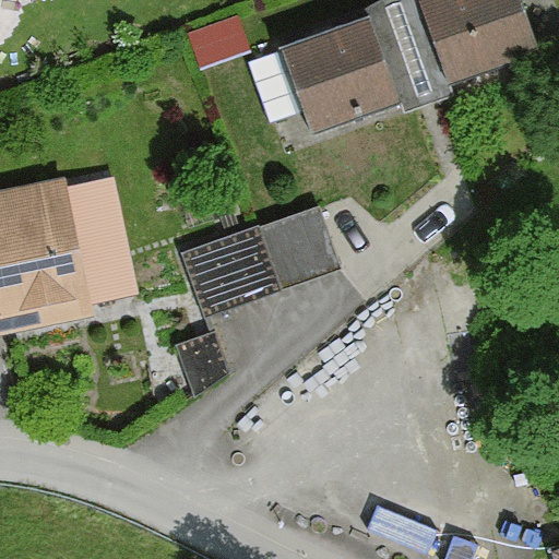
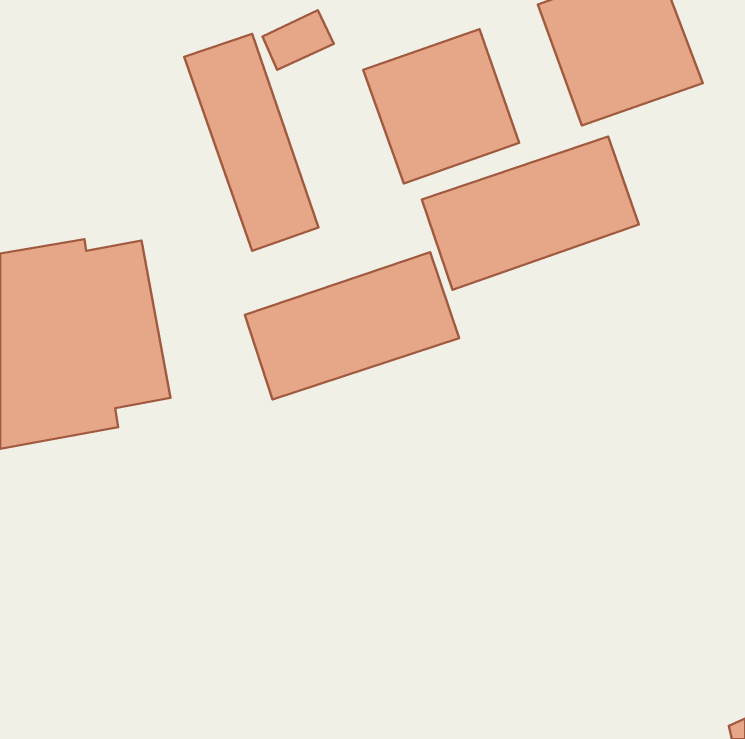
building: none -> [184,34,319,251]
building: none -> [422,136,639,290]

